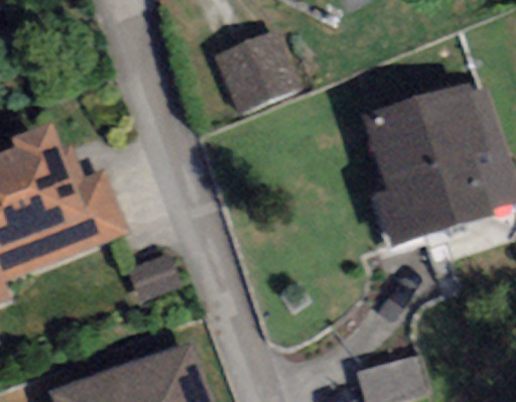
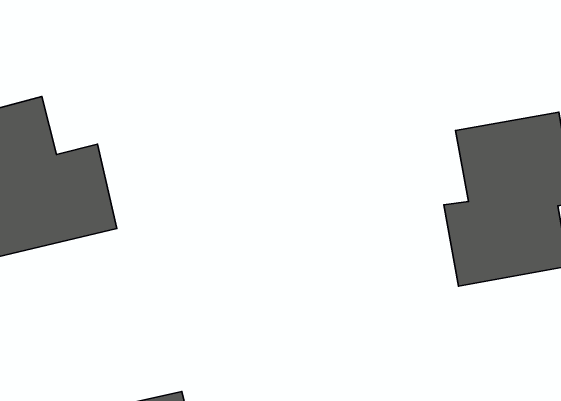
building: [221,39,292,108] -> none

